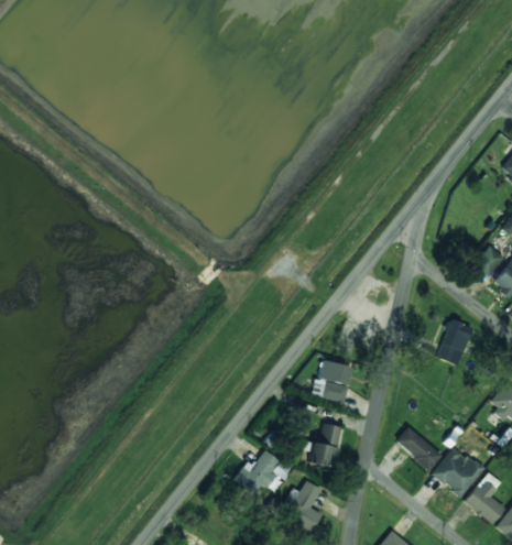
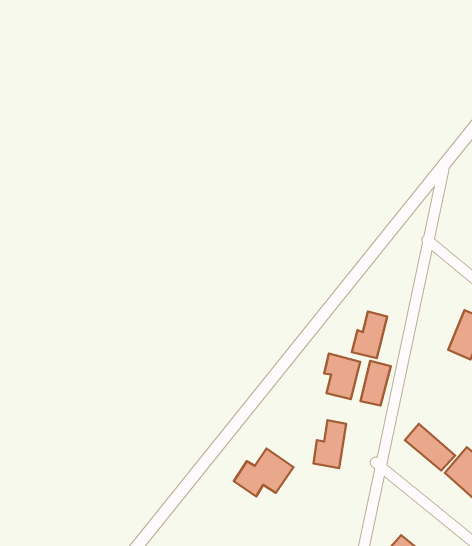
building: none -> [352,312,387,358]
building: none -> [361,361,391,406]
building: [280,481,322,530] -> none

